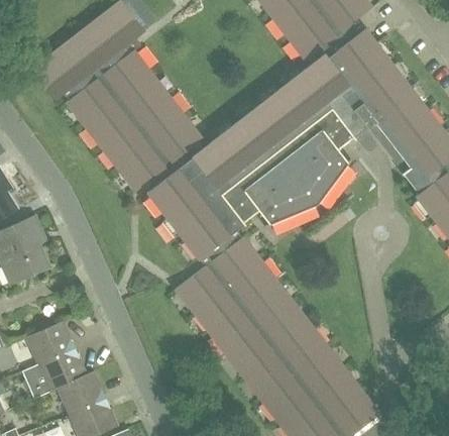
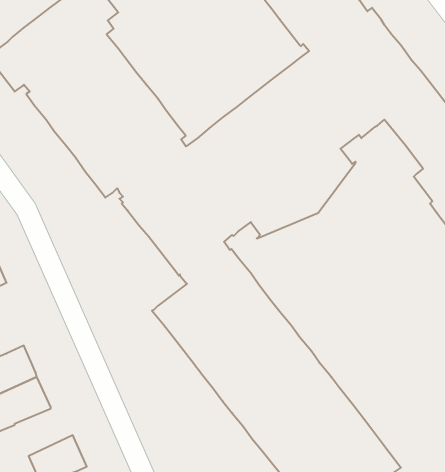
building: [55,371,106,417] -> none

